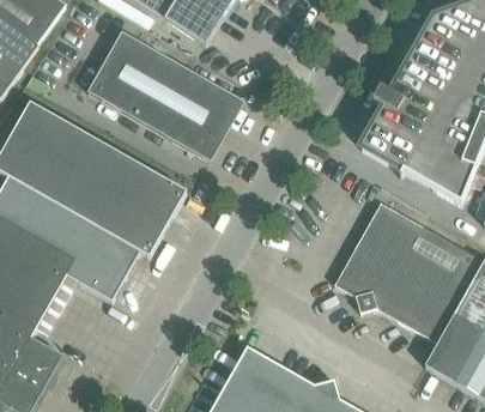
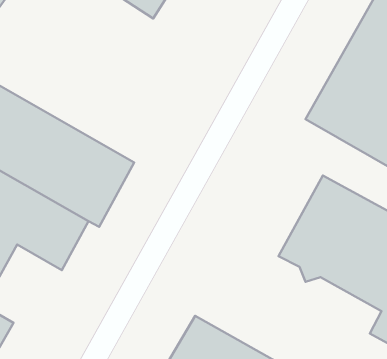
building: [87,30,240,157] -> none

